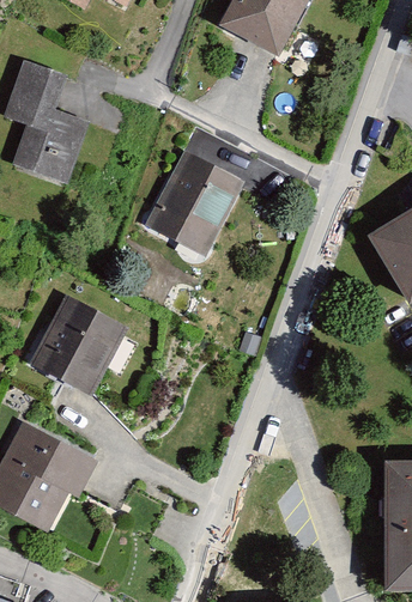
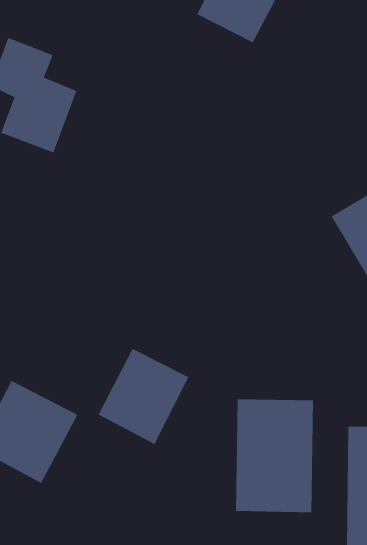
building: [143,141,242,247] -> none
building: [34,287,132,391] -> [98,348,189,445]
building: none -> [235,398,314,513]

